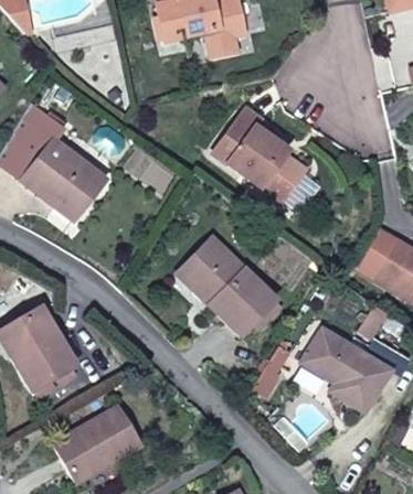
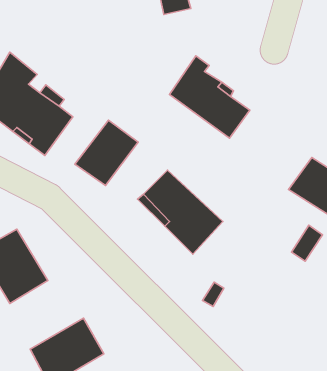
building: none -> [75,120,138,185]
building: [303,326,389,414] -> none

